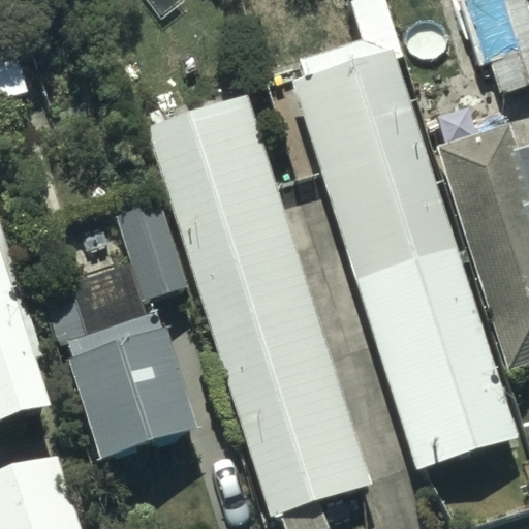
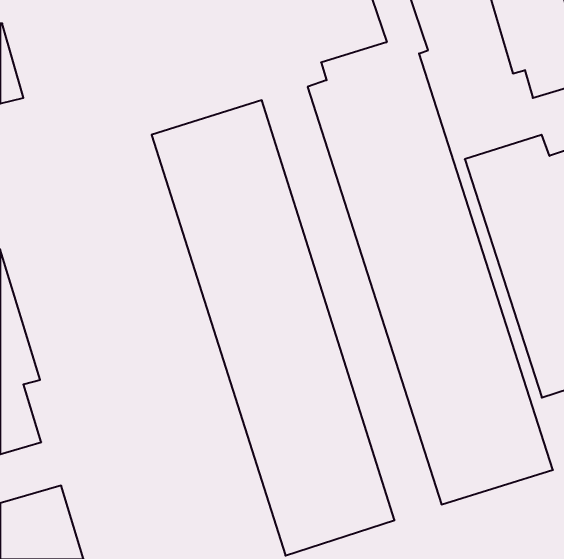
building: [37,257,197,462] -> none

